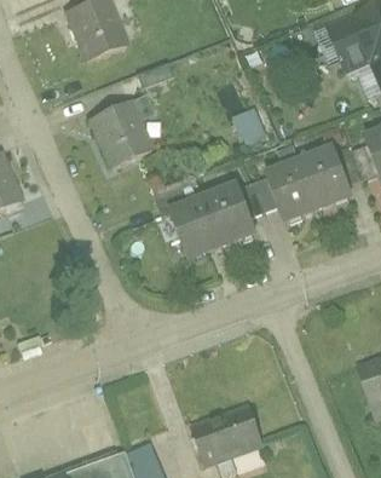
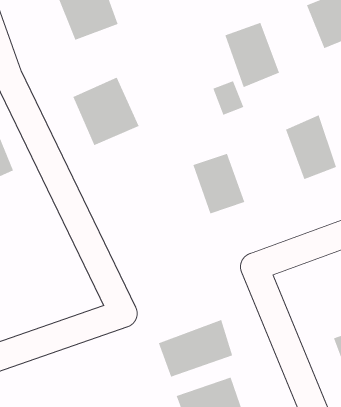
building: [266,155,323,223] -> [224,22,280,88]
building: [172,191,226,257] -> none
building: none -> [158,319,233,377]

